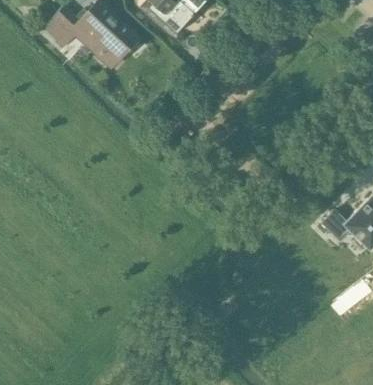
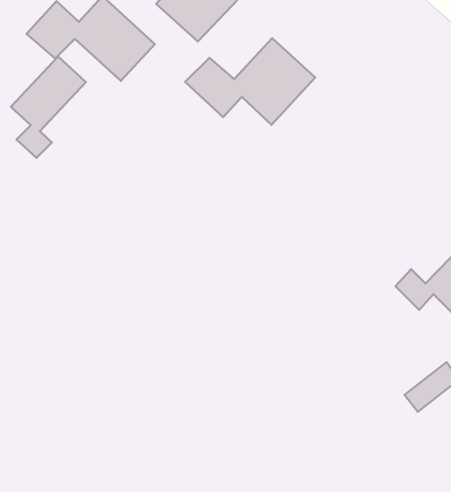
building: none -> [185,38,315,125]
building: none -> [11,57,86,158]

